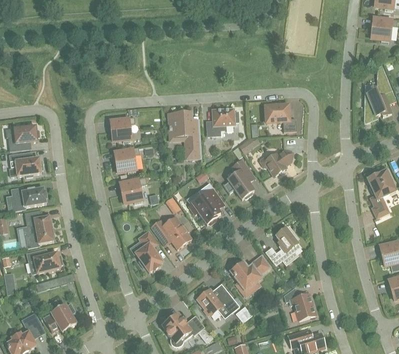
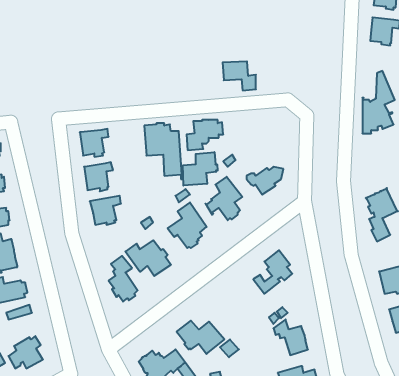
building: [266,105,296,131] -> [223,61,256,90]
building: none -> [183,152,218,186]
building: [231,255,270,295] -> none

